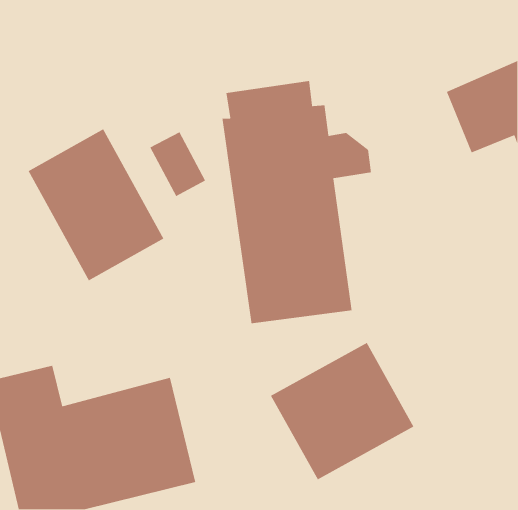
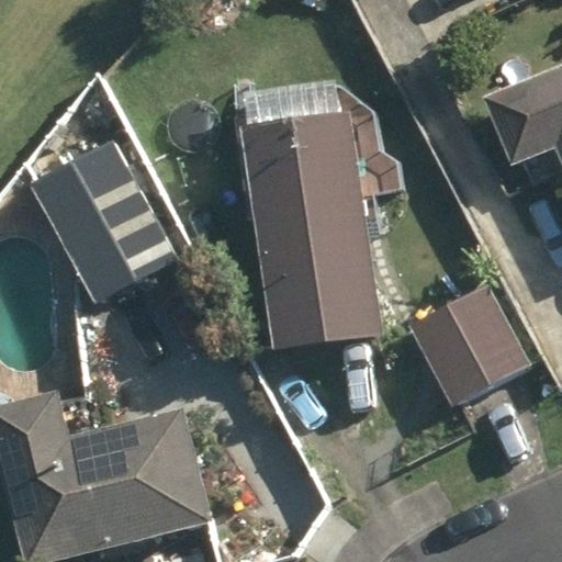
building: none -> [424,284,532,400]
building: [270,342,415,481] -> none

